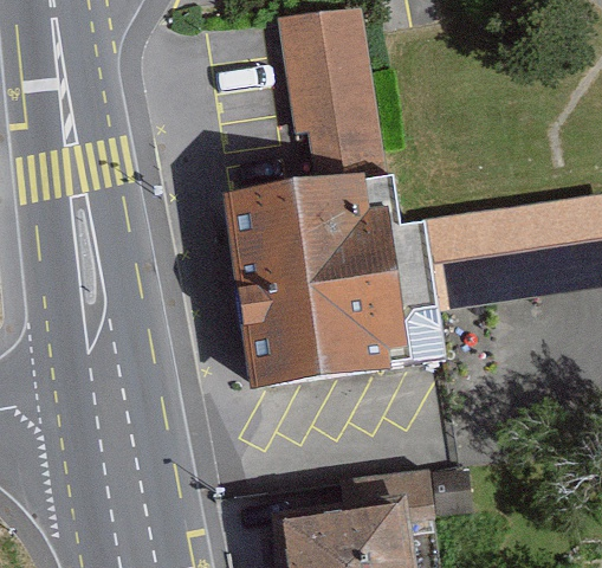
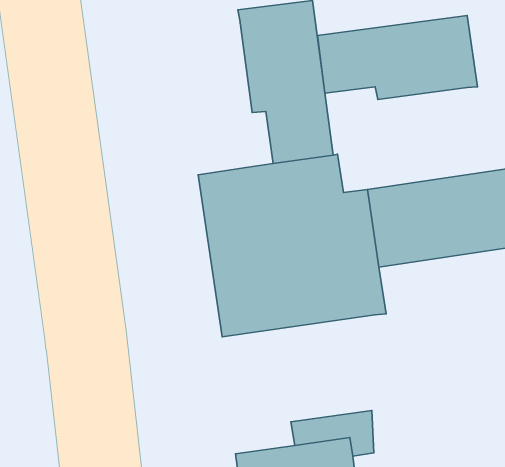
building: none -> [317,15,477,99]

